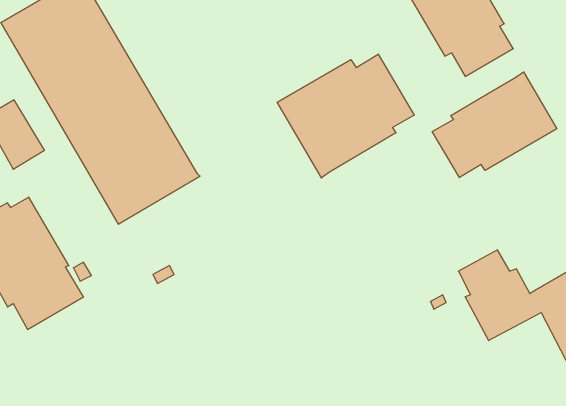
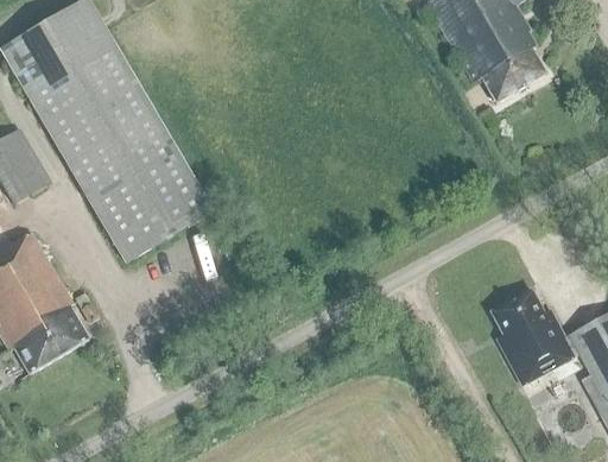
building: [277,54,414,178] -> none
building: [432,72,557,178] -> none

